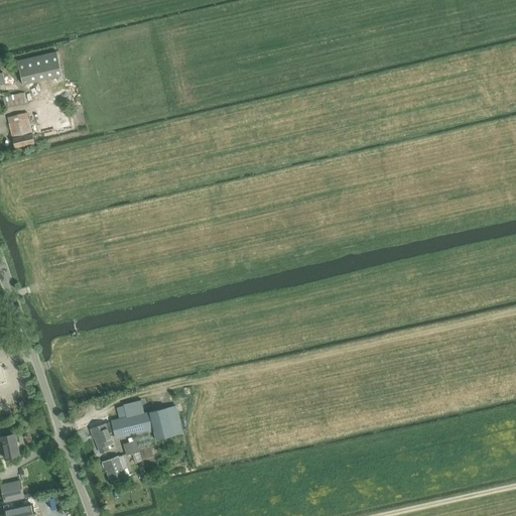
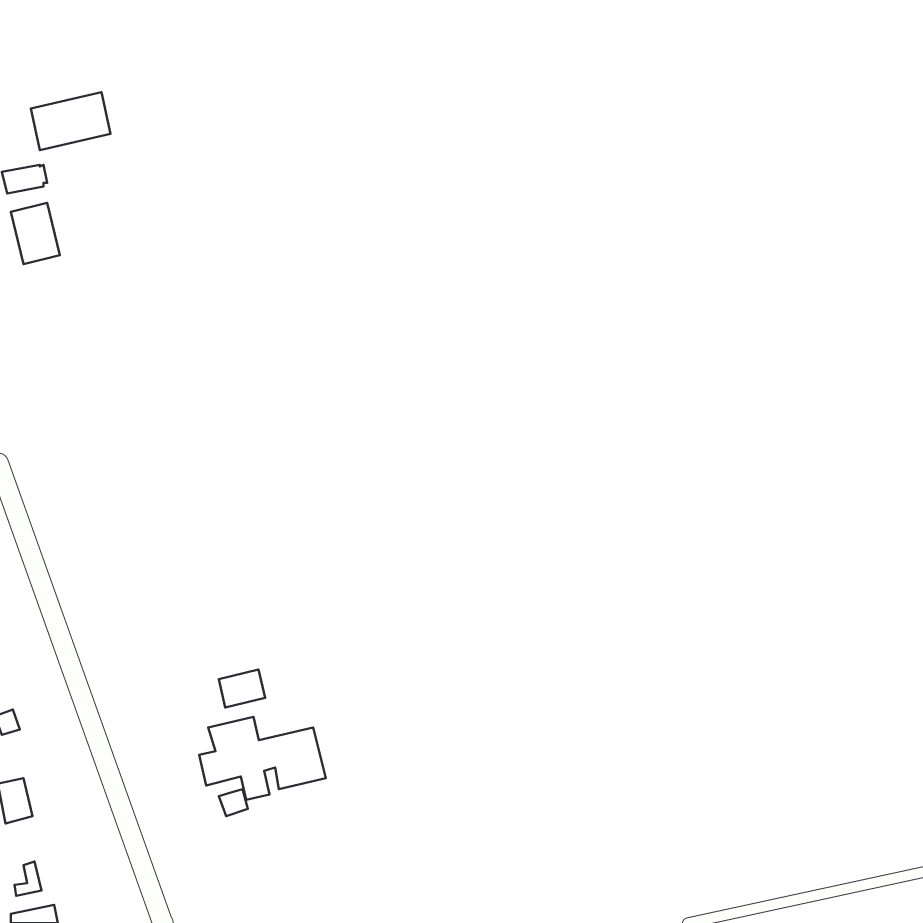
building: none -> [219,670,265,708]
building: [90,421,112,453] -> none
building: [102,456,126,481] -> none

